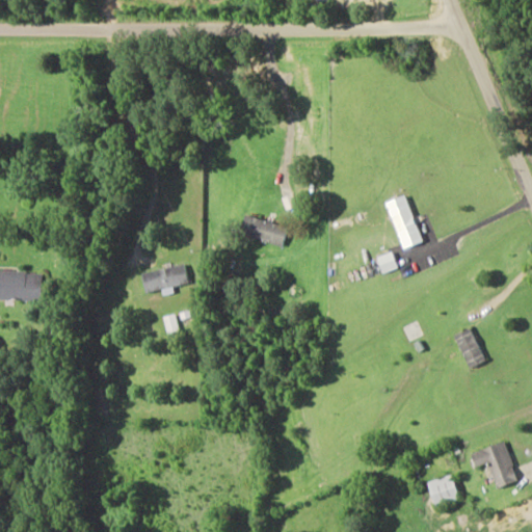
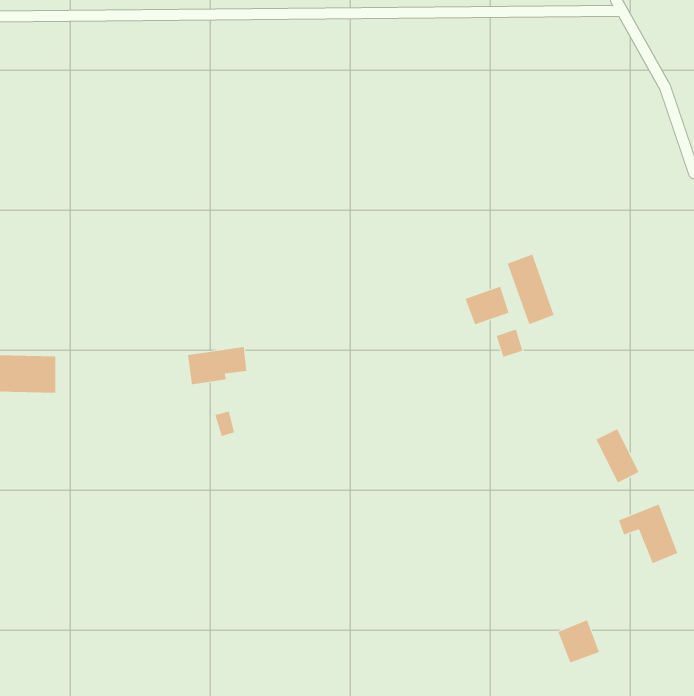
building: [240,213,288,247] -> none
building: none -> [465,286,509,325]
building: [468,442,513,487] -> [618,504,678,564]

